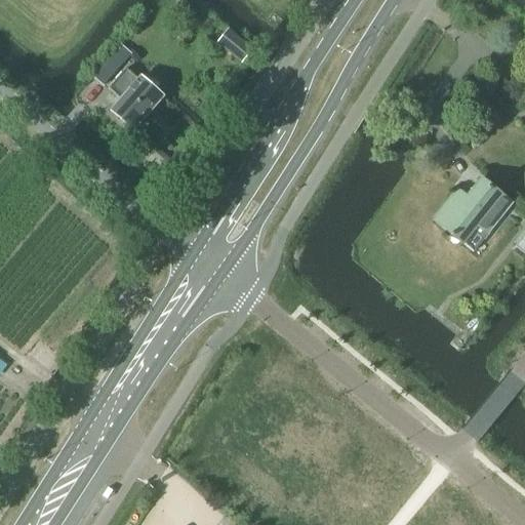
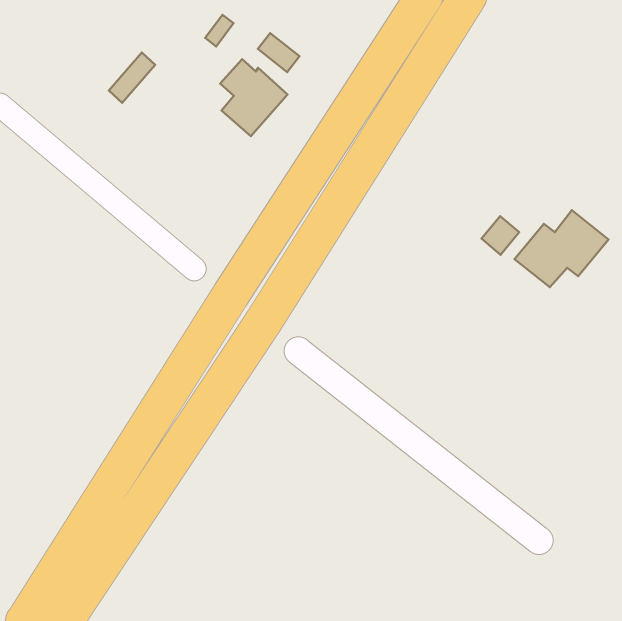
building: [109,66,165,130] -> [220,59,287,136]
building: none -> [481,216,519,255]

